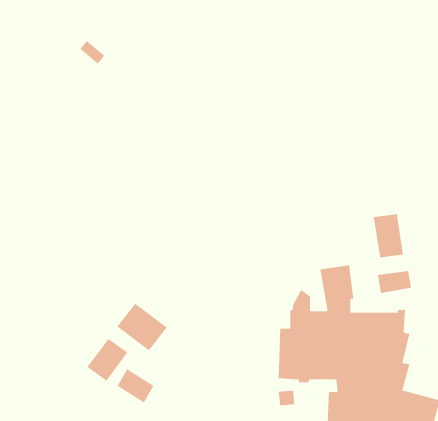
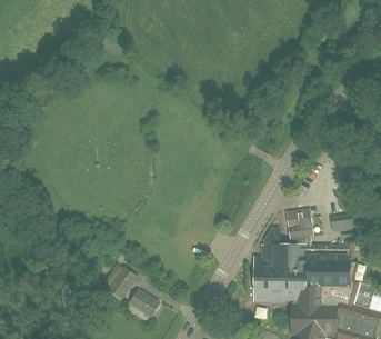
building: [373,214,404,258] -> none
building: [116,303,168,351] -> none

